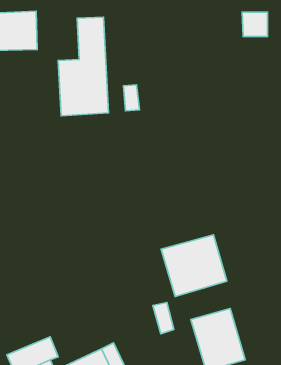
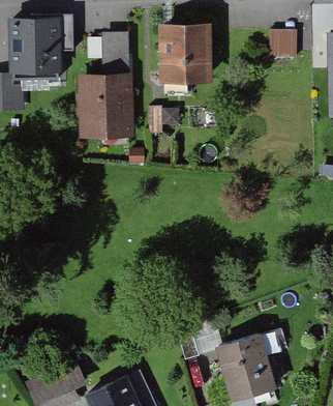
building: none -> [161,26,210,80]
building: [161,235,227,297] -> none

